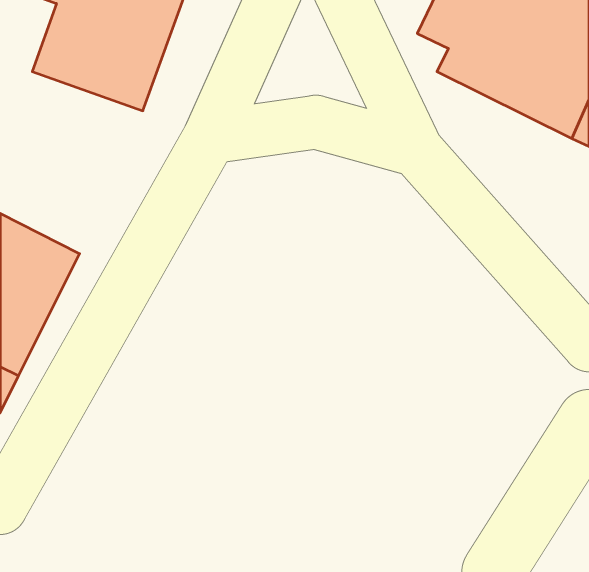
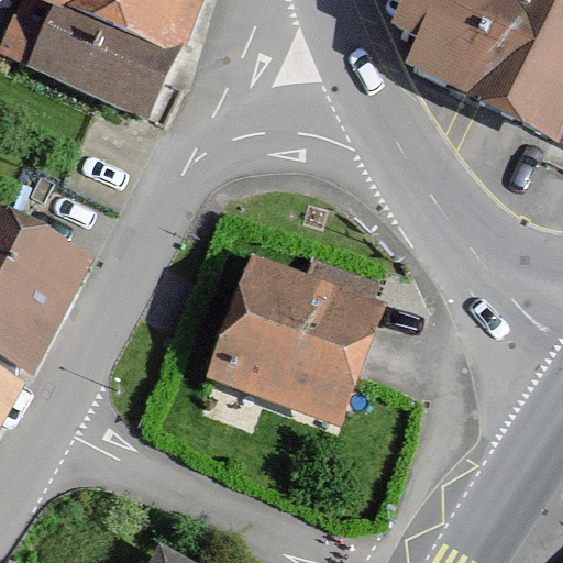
building: none -> [207,255,388,428]

